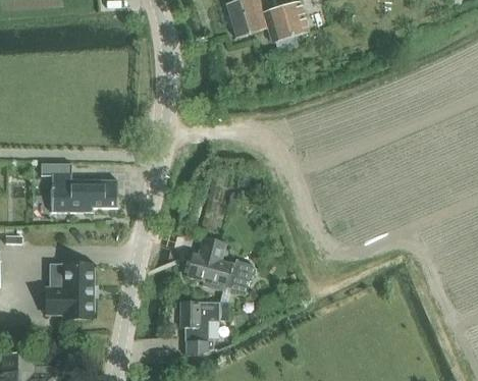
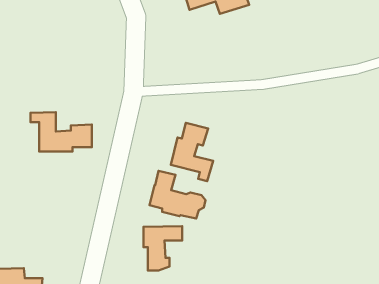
building: none -> [171,123,213,181]
building: [47,262,96,317] -> none

